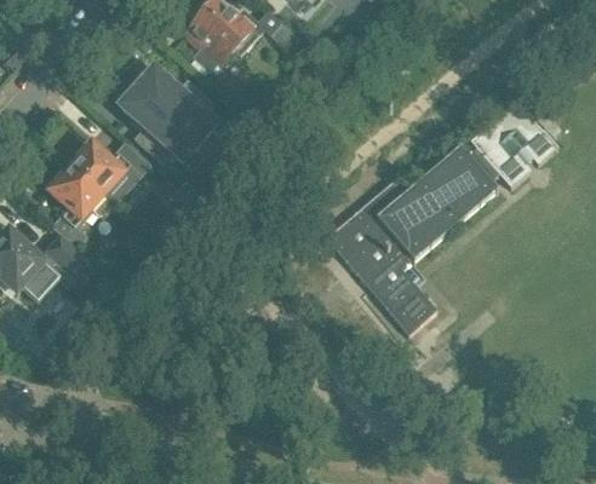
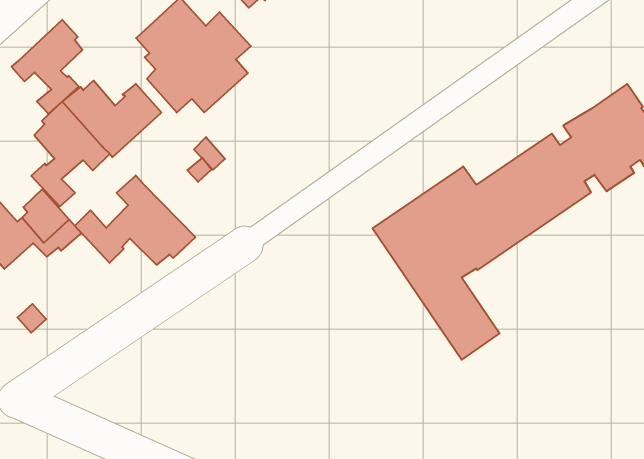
building: none -> [12,20,82,114]
building: none -> [75,175,195,265]

